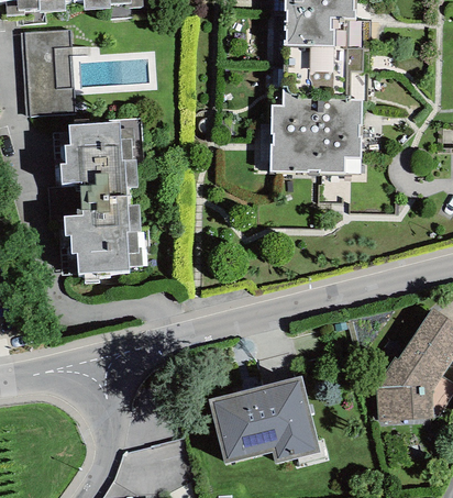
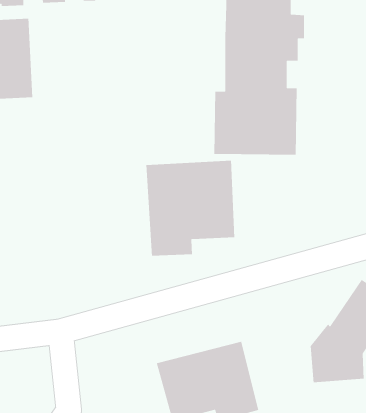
building: [58,119,144,281] -> none
building: none -> [145,160,235,256]

